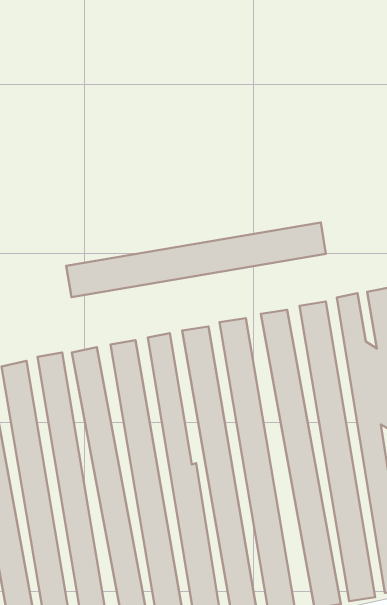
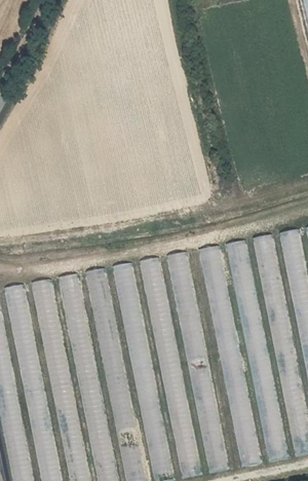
building: [66,223,326,297] -> none

